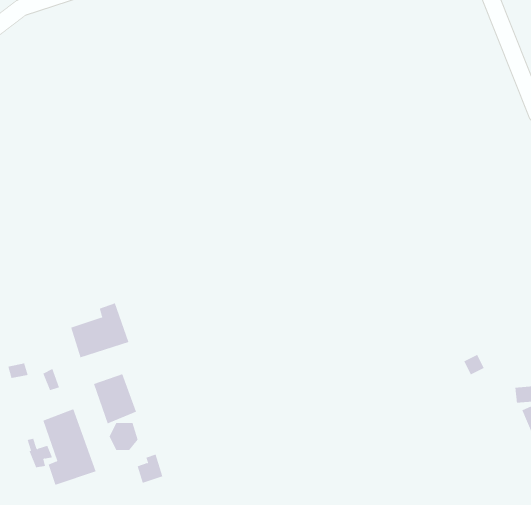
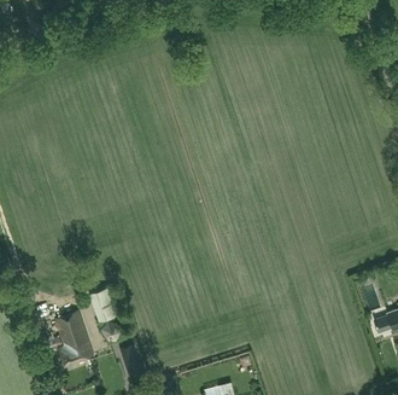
building: [71,303,129,358] -> none

